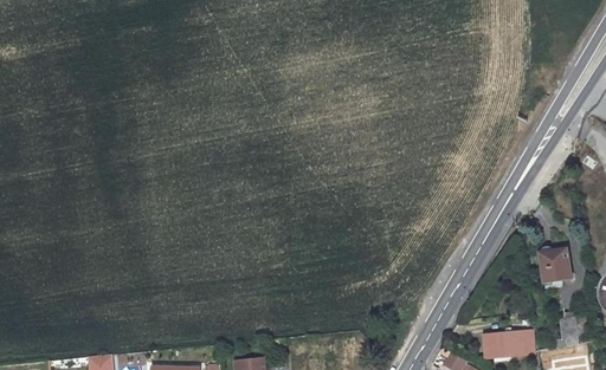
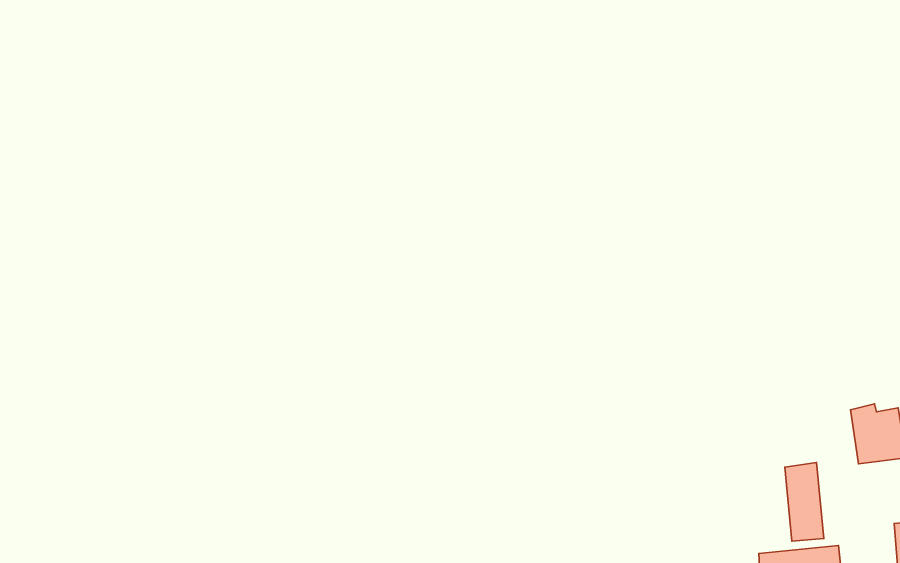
building: none -> [785,463,824,541]

